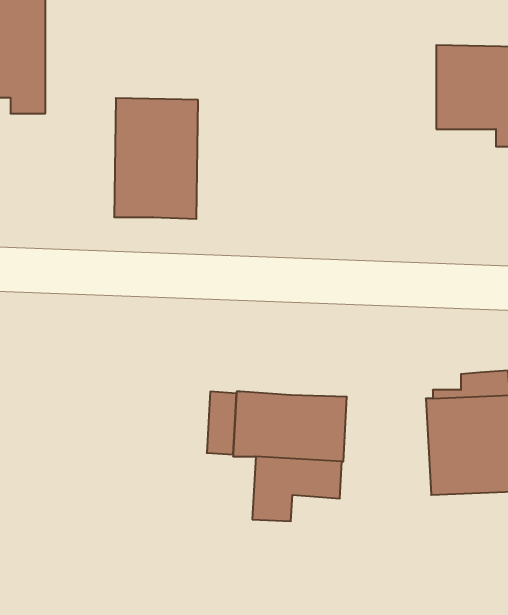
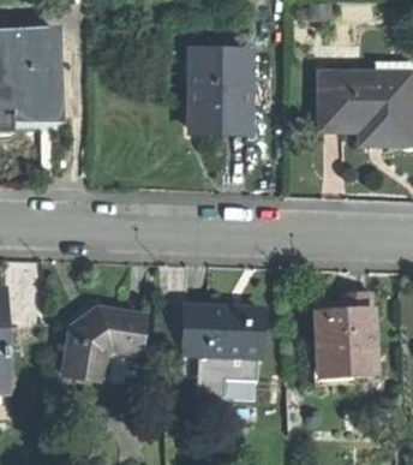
building: [114,98,198,219] -> [193,48,251,131]
building: none -> [64,309,146,381]

